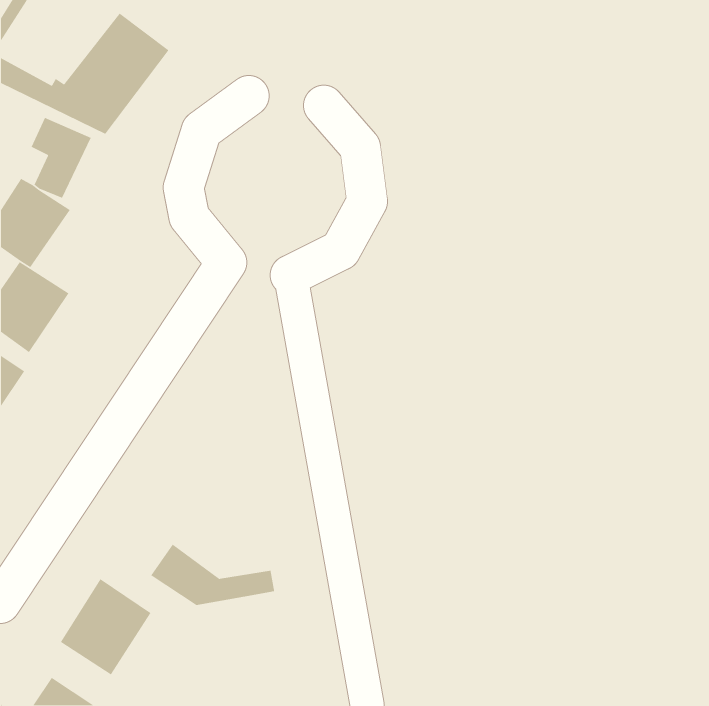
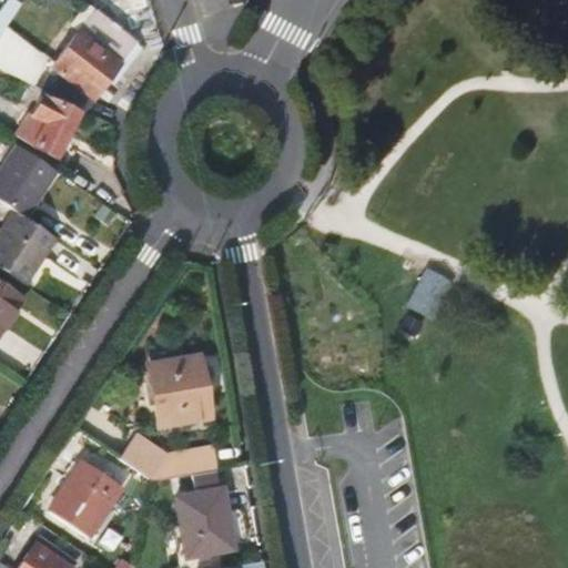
building: none -> [405,264,454,317]
building: none -> [152,363,212,432]
building: none -> [178,473,236,559]

